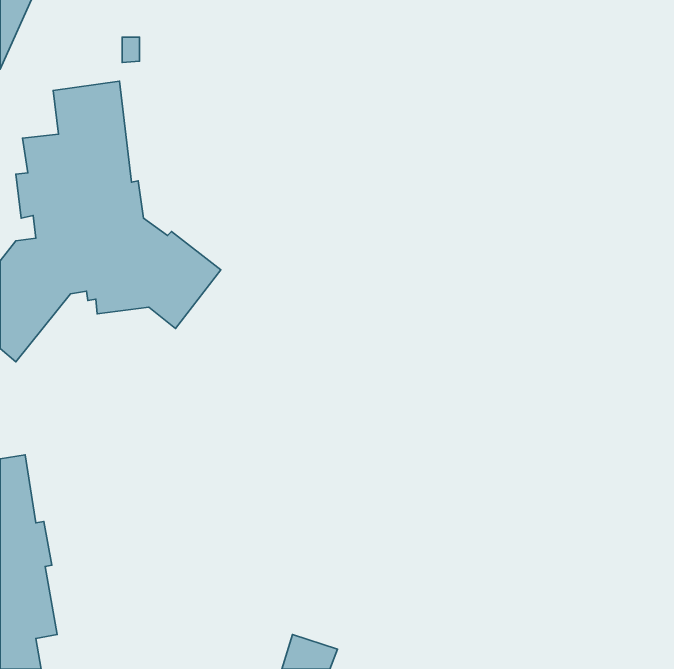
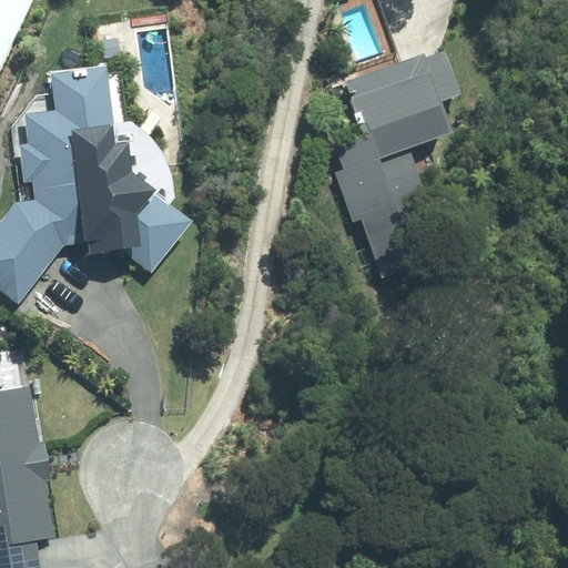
building: none -> [337,47,459,272]

